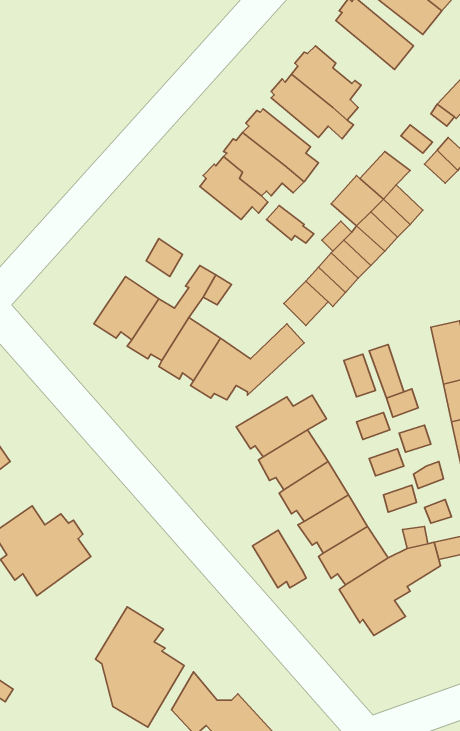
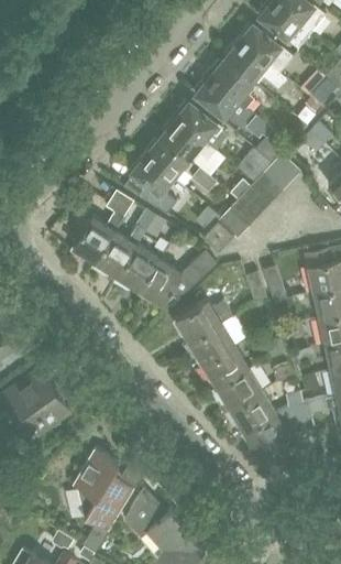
building: none -> [223,37,286,86]
building: none -> [123,153,176,213]
building: [253,530,306,588] -> none

